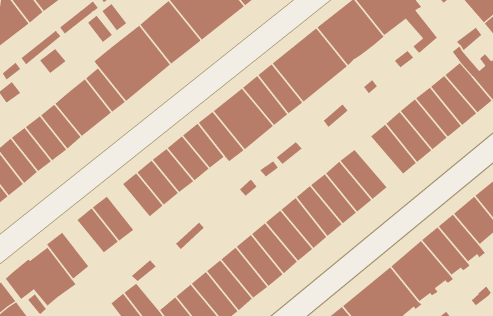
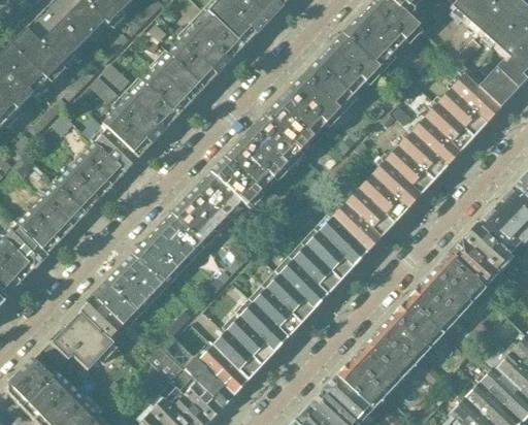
building: none -> [369,162,420,209]
building: none -> [132,241,176,285]
building: none -> [93,283,136,326]

